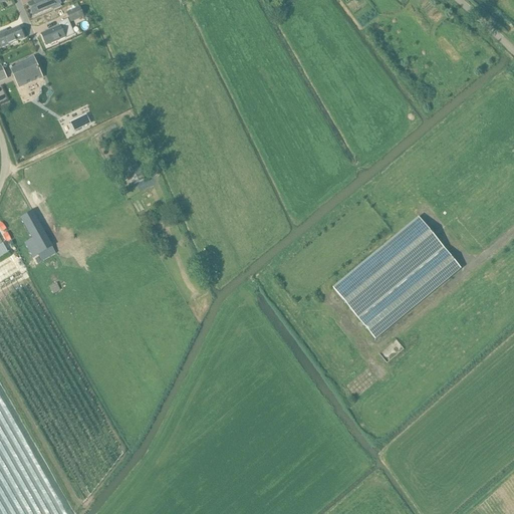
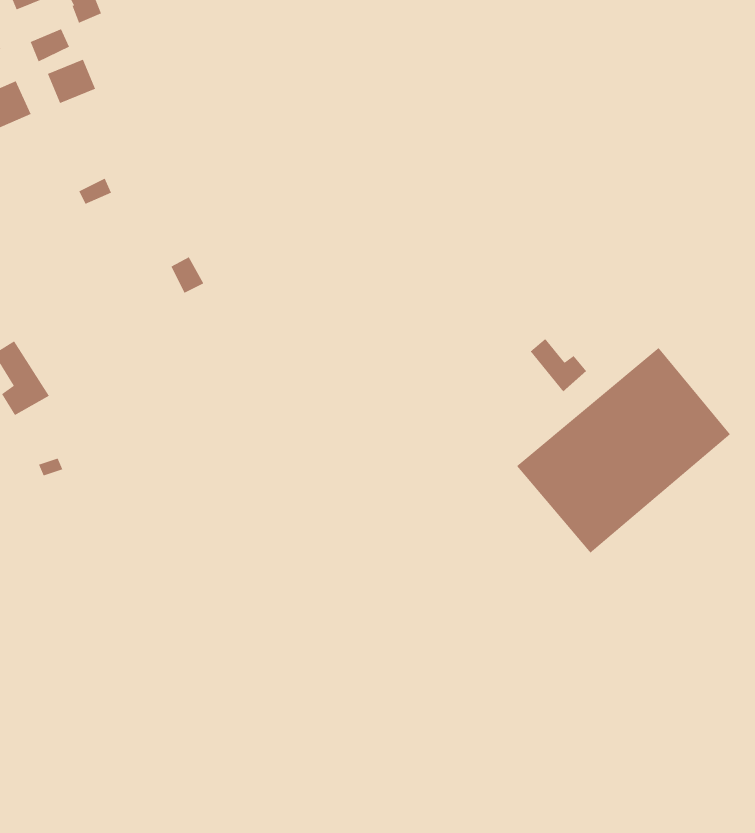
building: none -> [47,59,96,104]
building: none -> [530,338,587,392]

